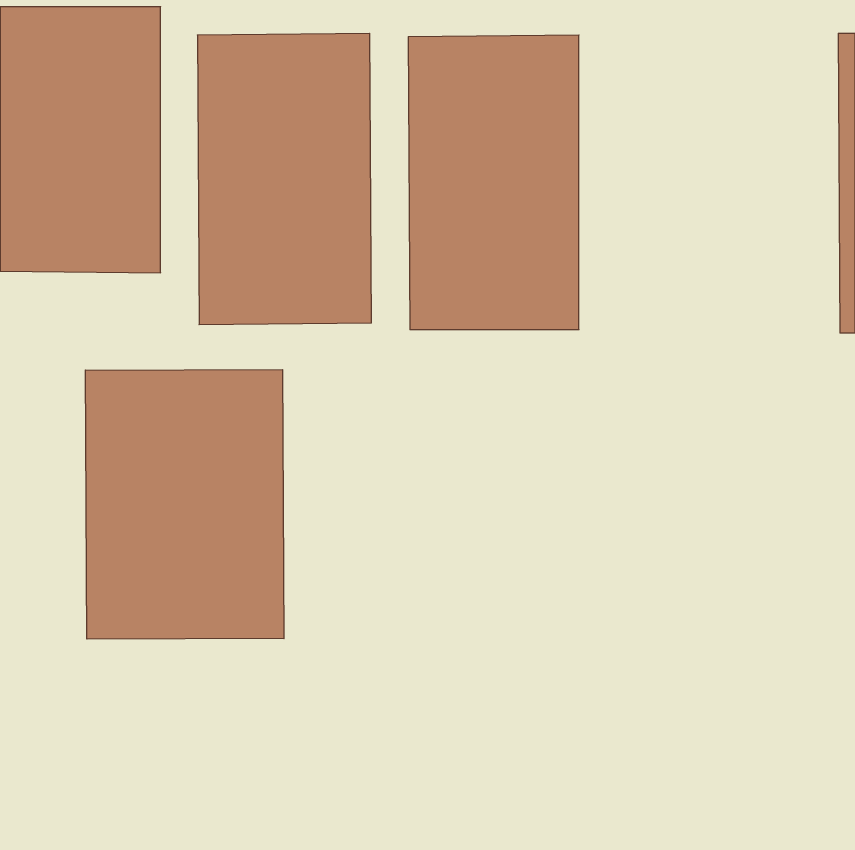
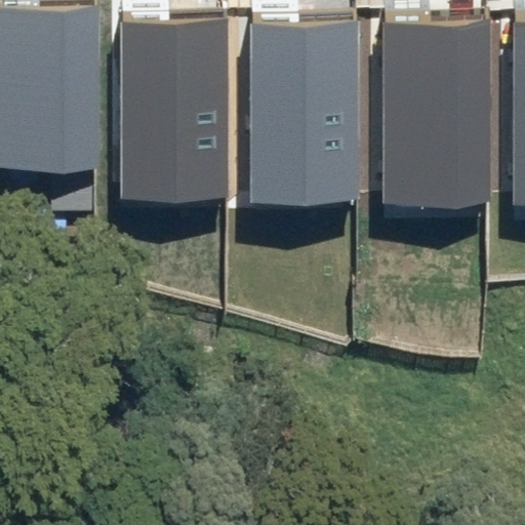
building: none -> [385,27,490,206]
building: [85,370,284,639] -> none

